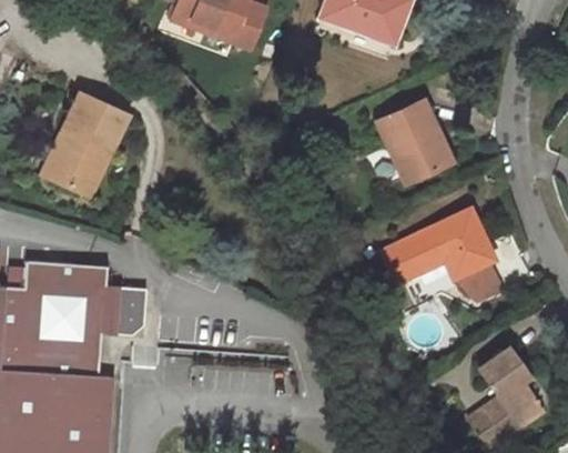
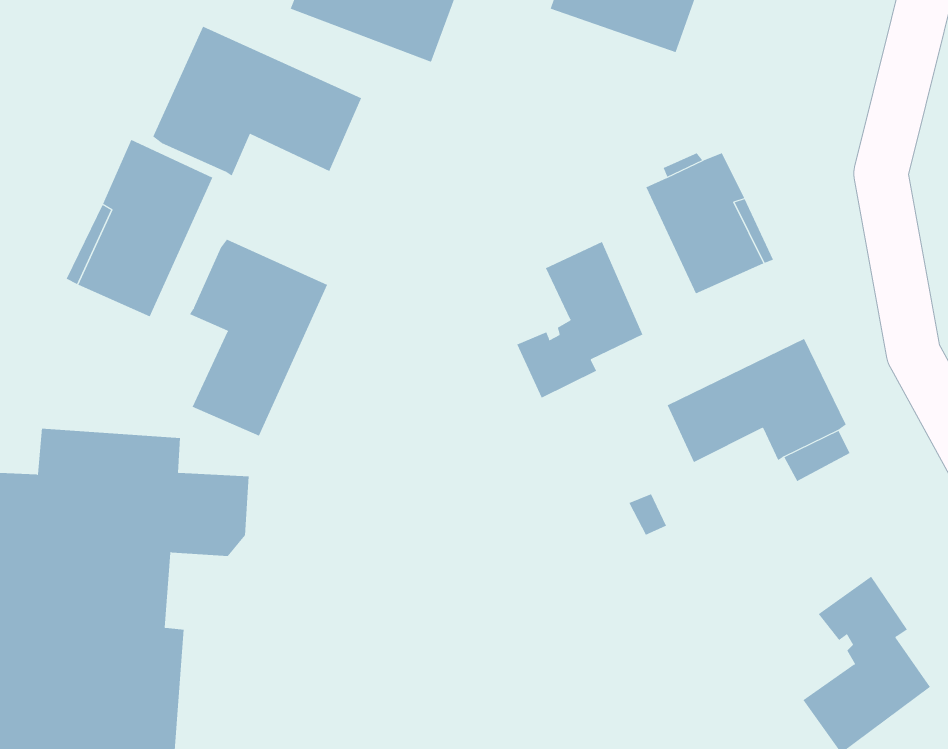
building: none -> [152,26,362,176]
building: none -> [189,239,328,436]
building: none -> [516,241,643,398]

